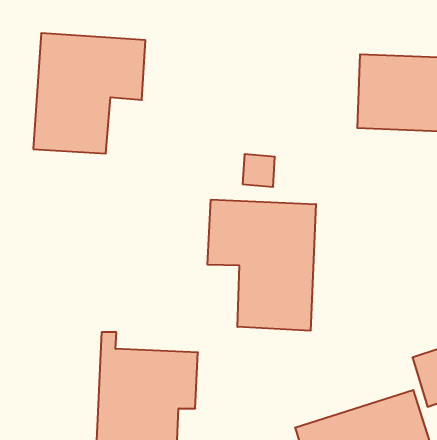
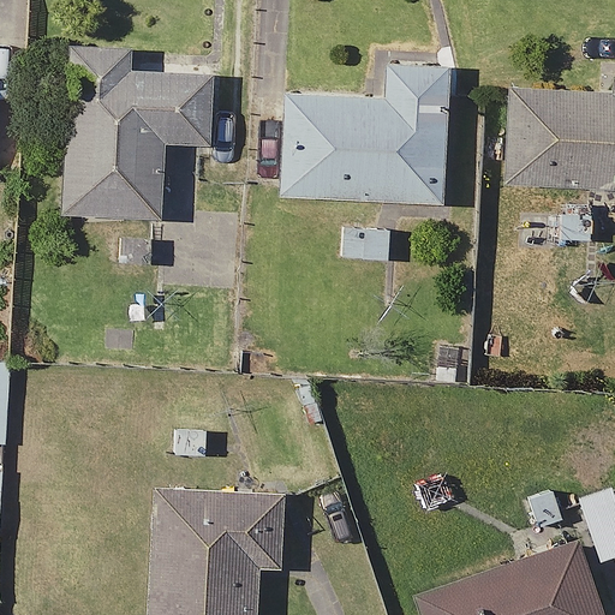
building: none -> [281,65,449,205]
building: [208,200,316,331] -> none

